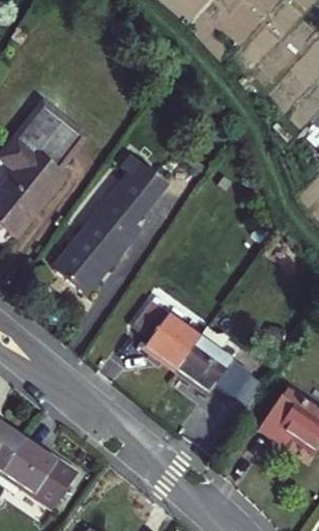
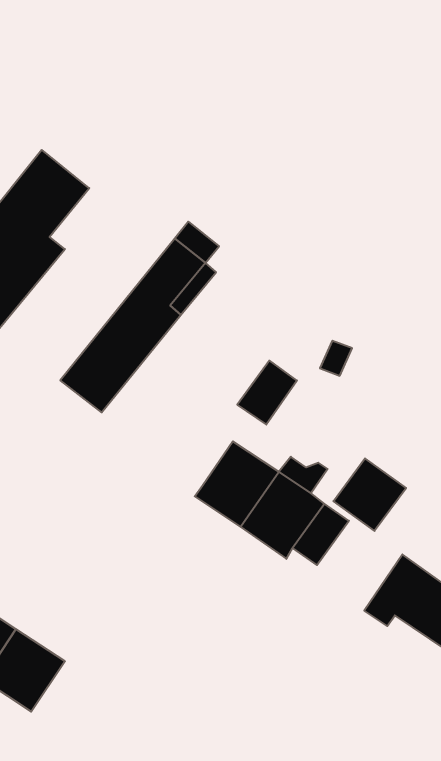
building: [132,297,172,340] -> [237,361,297,425]
building: none -> [333,458,406,531]
building: [35,459,77,506] -> none

